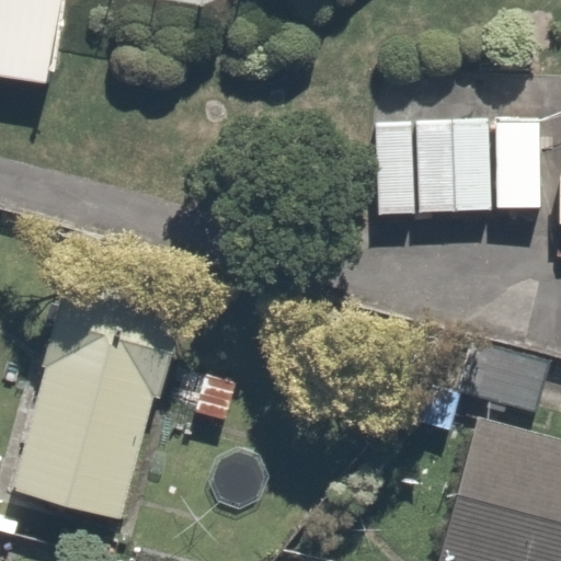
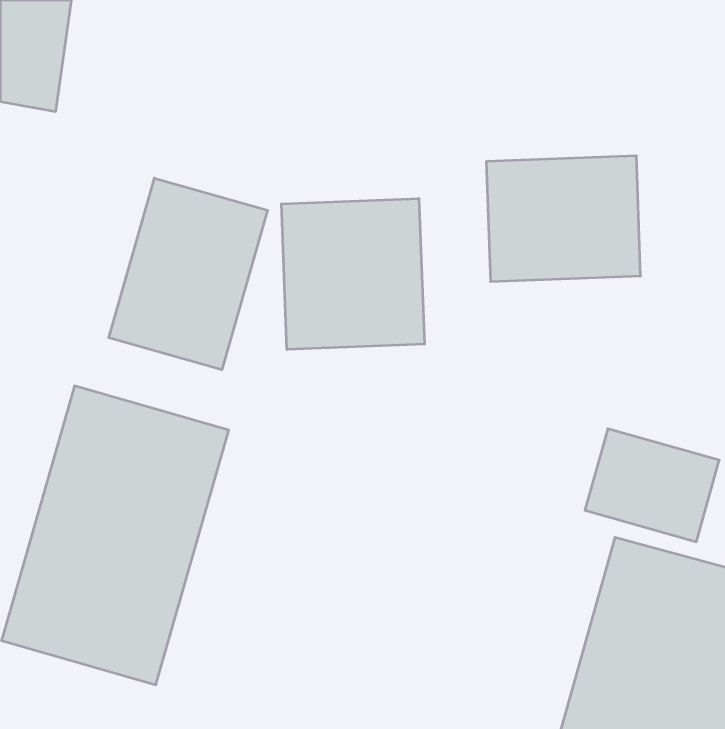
building: none -> [109,178,268,370]
building: none -> [281,198,425,350]

